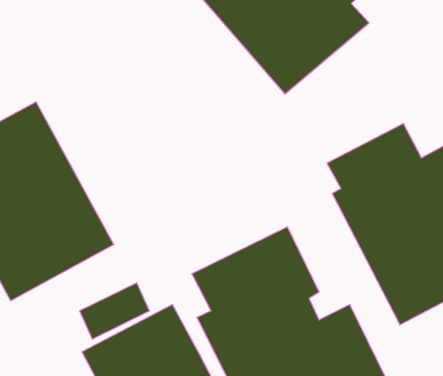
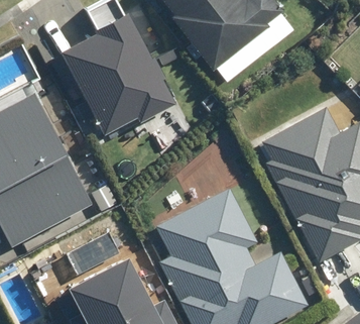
building: none -> [62,14,175,134]

